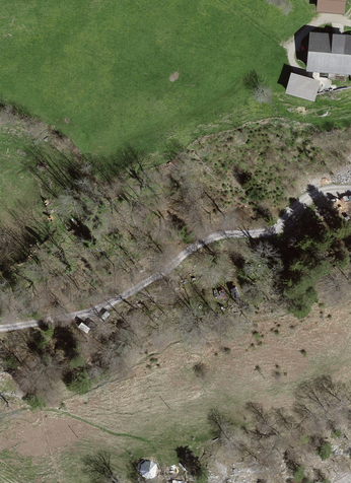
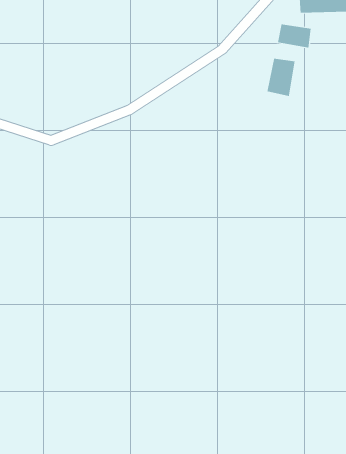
building: none -> [267,58,295,97]

